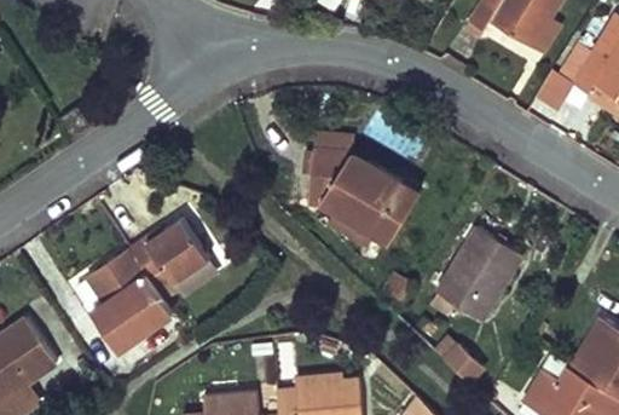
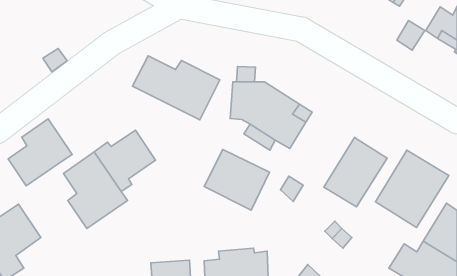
building: none -> [132,56,220,120]
building: none -> [8,119,72,186]
building: none -> [204,150,270,210]
building: none -> [376,150,449,227]

